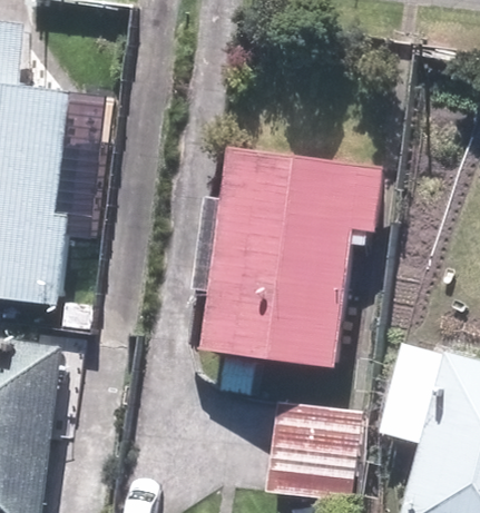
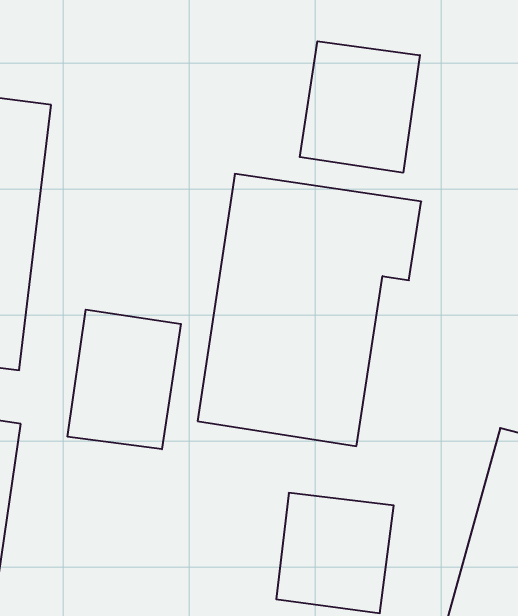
building: none -> [300,41,420,173]
building: none -> [68,310,181,449]

